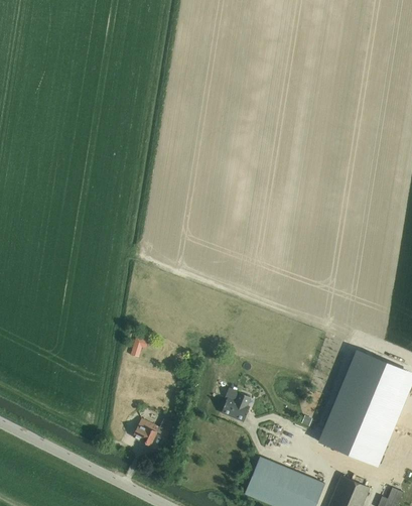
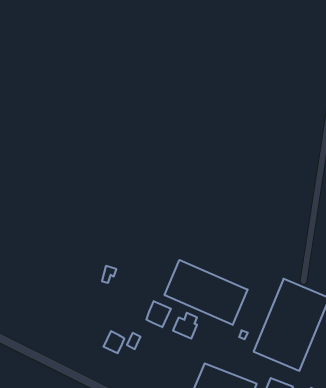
building: none -> [165,260,248,325]
building: none -> [146,301,171,327]

